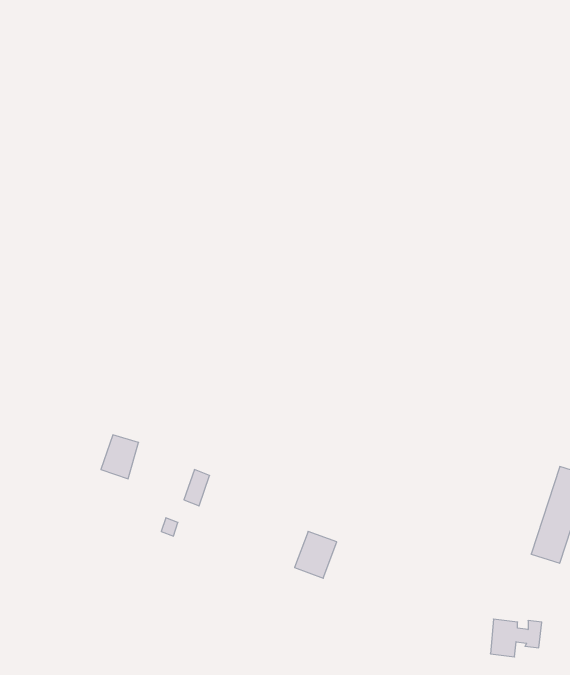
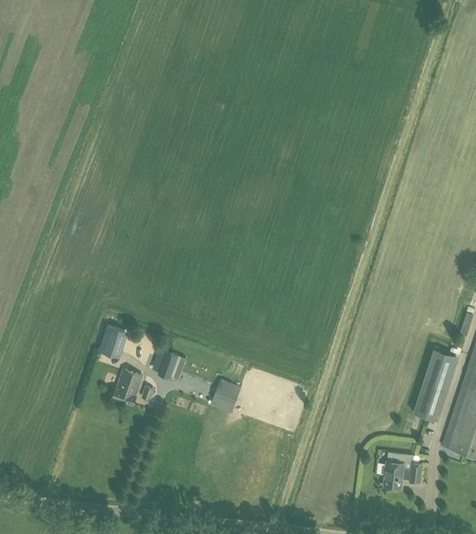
building: none -> [113,370,143,405]
building: [295,531,337,578] -> [210,380,241,414]

